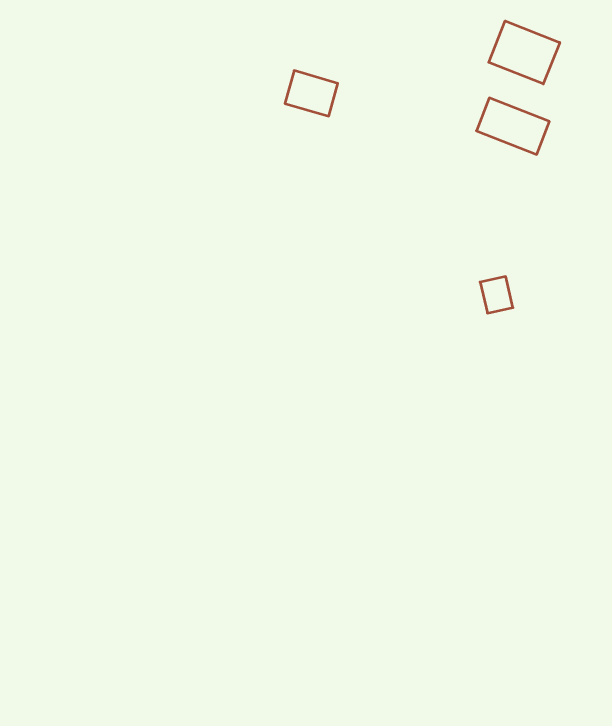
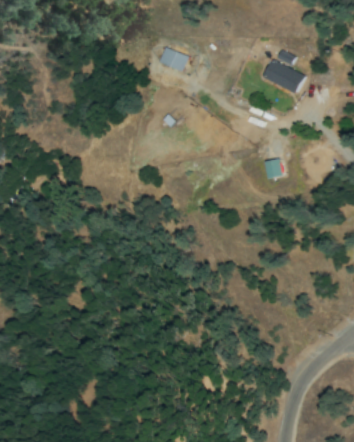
building: [489,21,560,84] -> none

